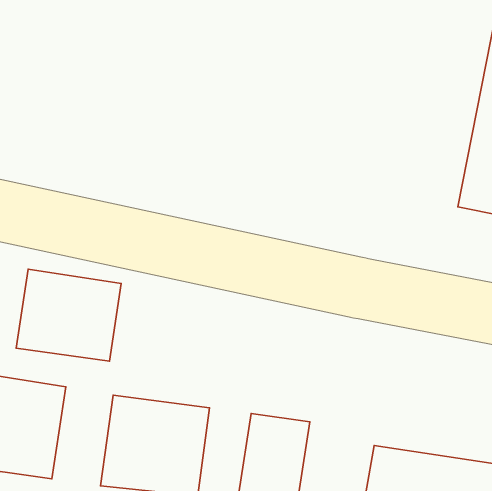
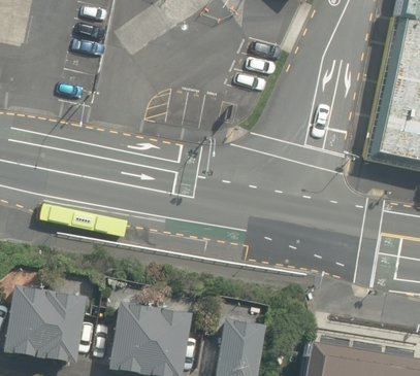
building: [16,269,121,361] -> none

